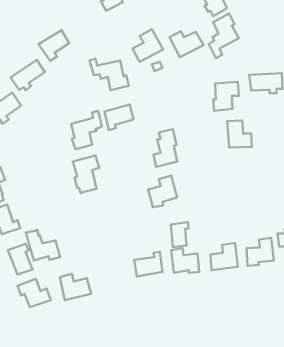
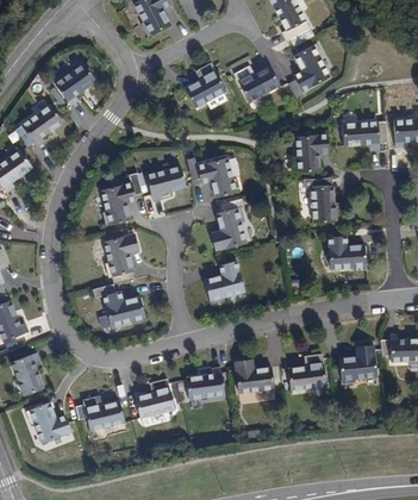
building: [89,59,129,90] -> [186,154,239,196]
building: none -> [330,236,367,271]
building: [171,222,188,247] -> none
building: [26,230,60,261] -> [100,283,146,325]
building: none -> [137,377,176,417]

